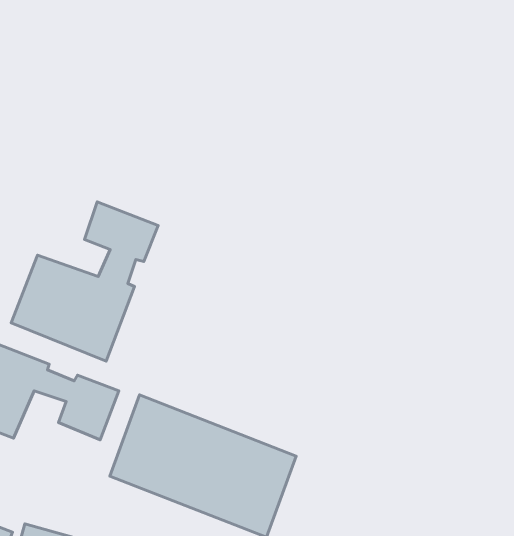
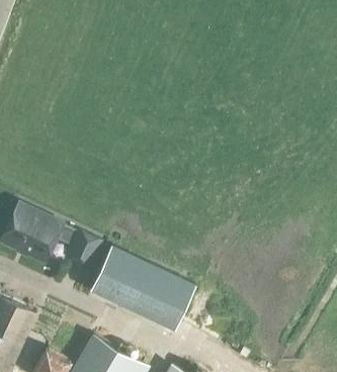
building: [11,202,158,361] -> none

